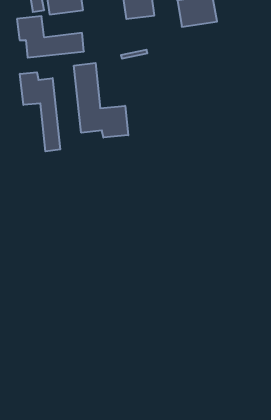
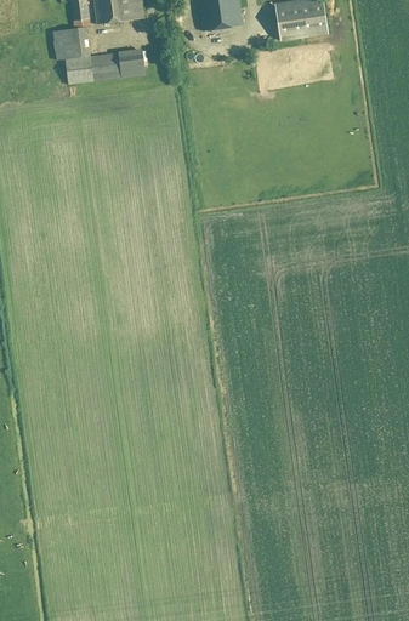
building: [74,63,128,138] -> none
building: [20,72,60,151] -> none

